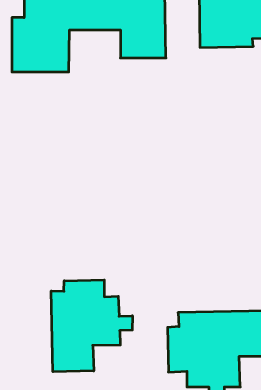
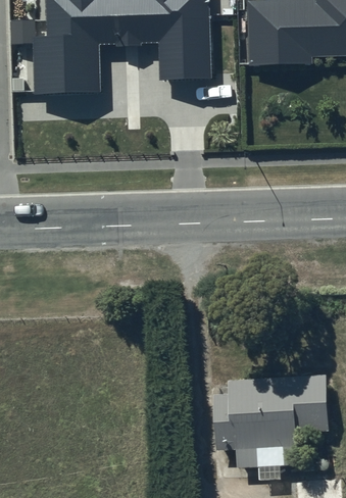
building: [51,280,132,372] -> none

